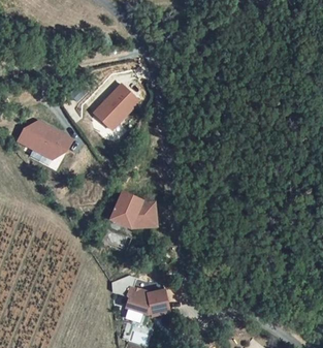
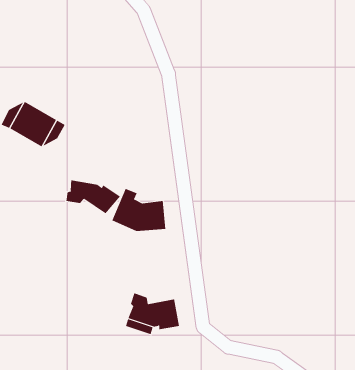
building: [95,82,140,127] -> none
building: none -> [66,180,121,214]

